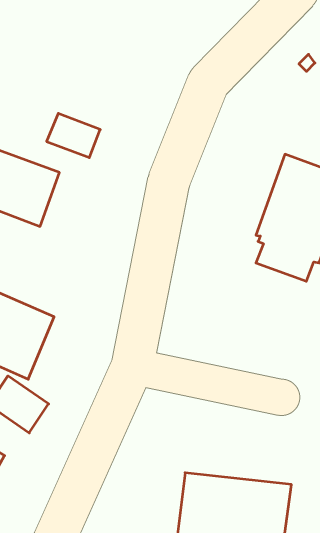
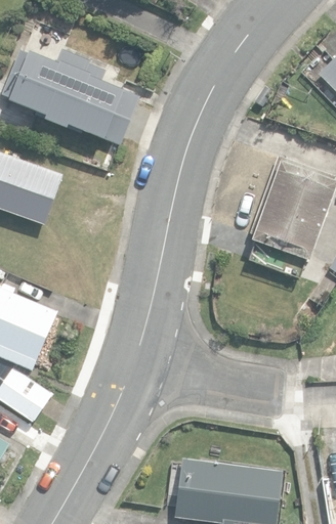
building: none -> [16,30,125,128]

